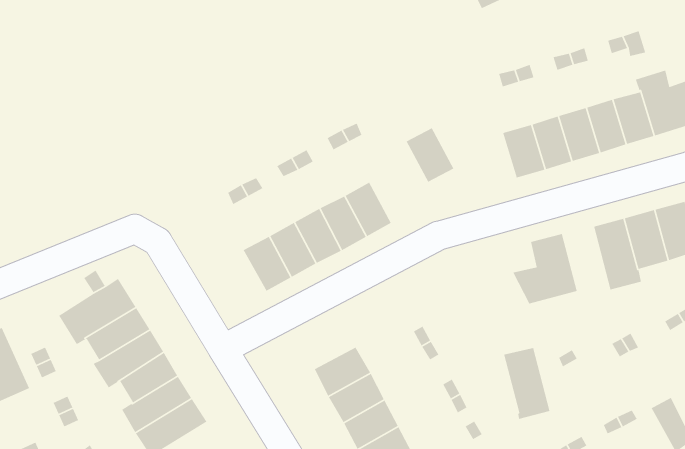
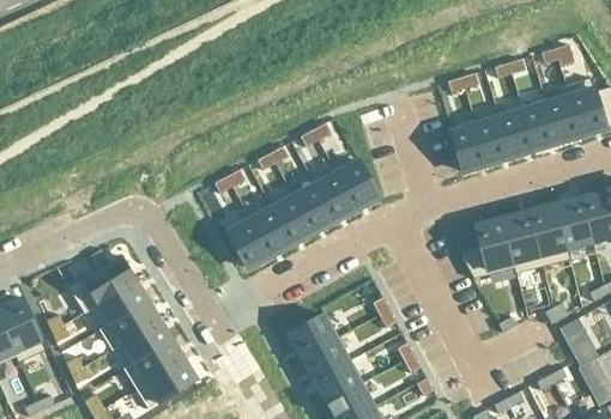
building: [406,127,455,183] -> [337,162,379,209]
building: [503,347,551,420] -> [502,212,543,274]
building: none -> [558,318,598,366]

